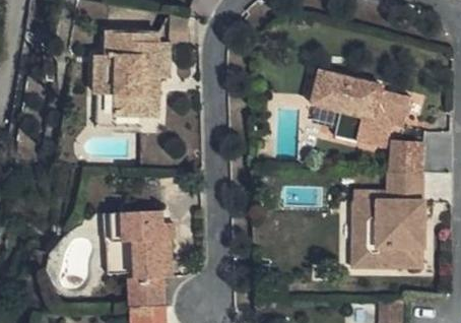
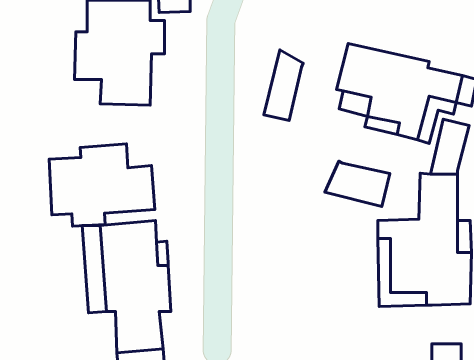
building: none -> [264,50,303,121]
building: none -> [49,144,155,226]
building: none -> [325,161,390,206]

